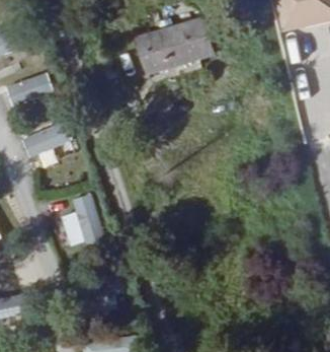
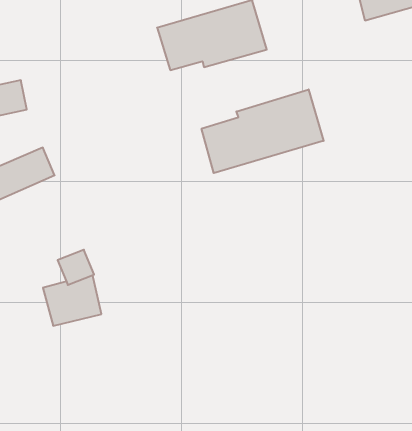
building: none -> [202,89,324,173]

